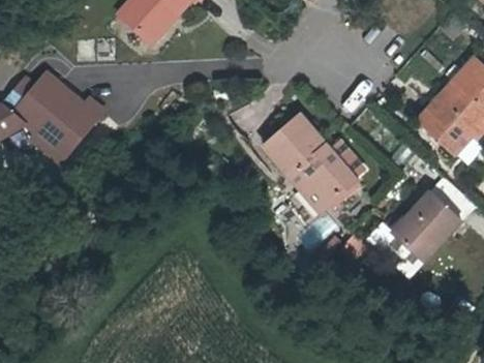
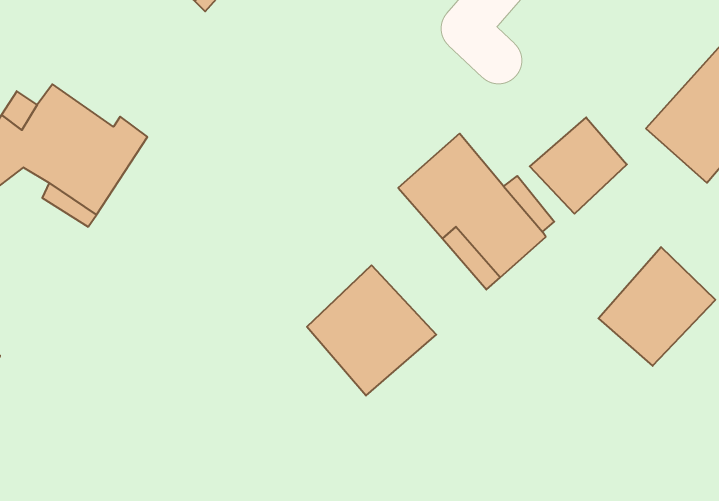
building: none -> [530,117,627,214]
building: none -> [307,265,436,396]

